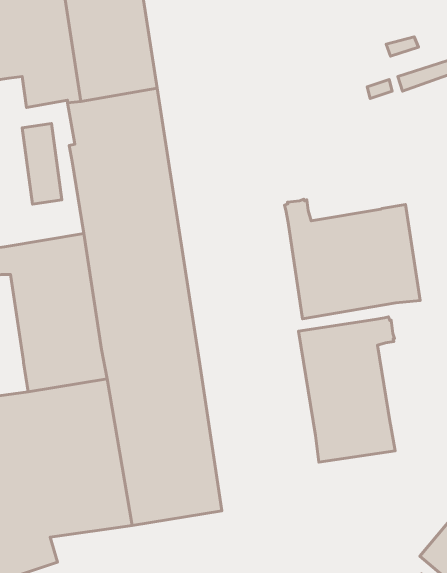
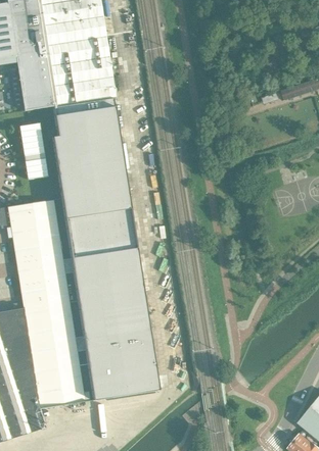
building: [285,199,420,319] -> none
building: [298,317,395,462] -> none

